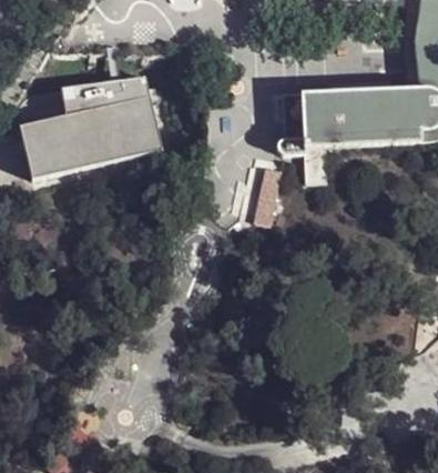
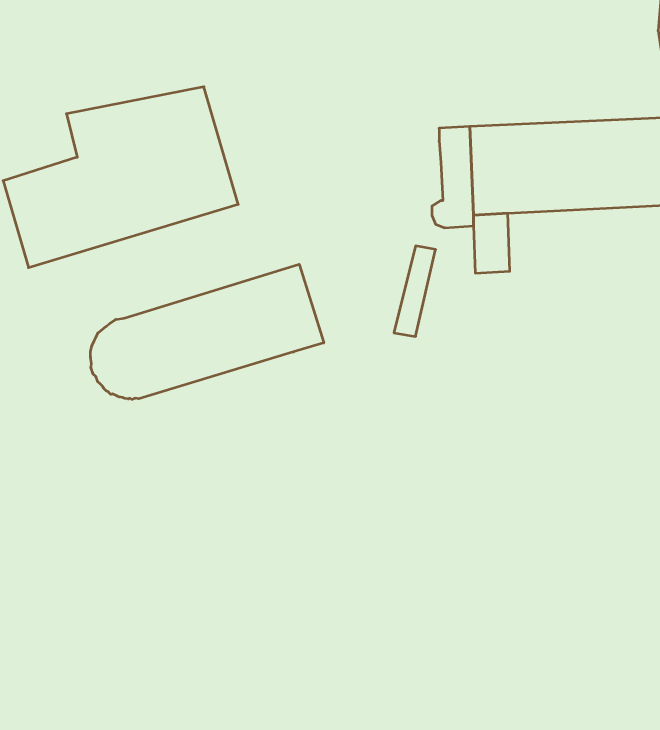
building: none -> [90,264,324,399]

